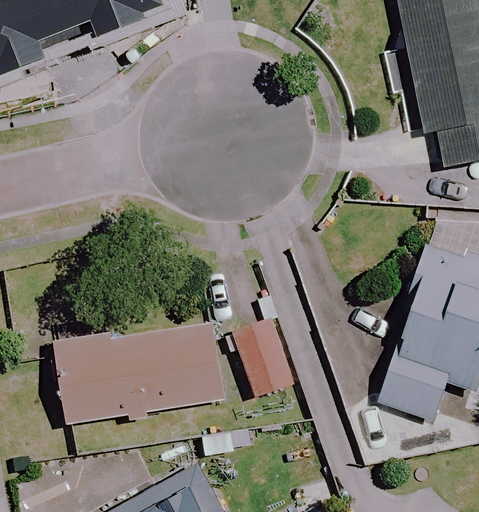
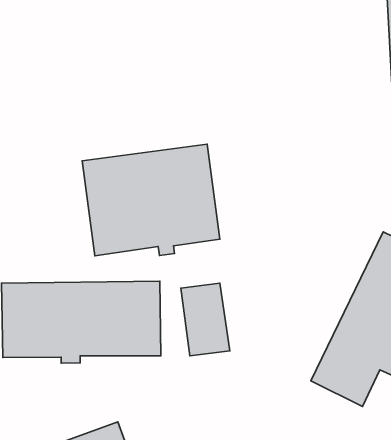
building: none -> [82,144,220,256]

